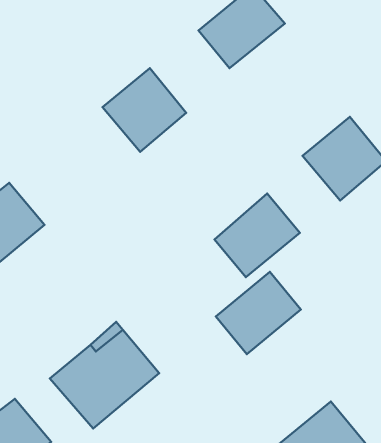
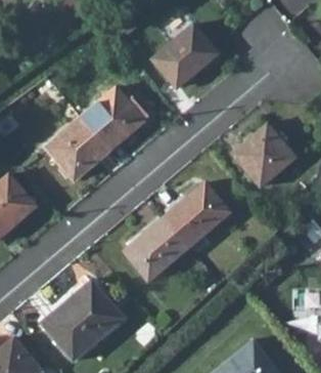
building: none -> [46,117,109,180]
building: [216,272,301,354] -> [125,217,189,280]

